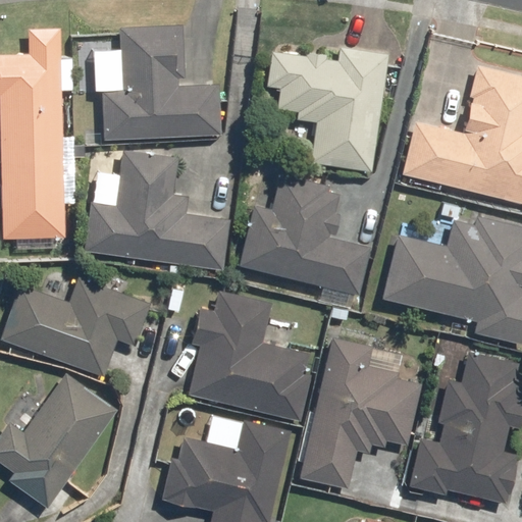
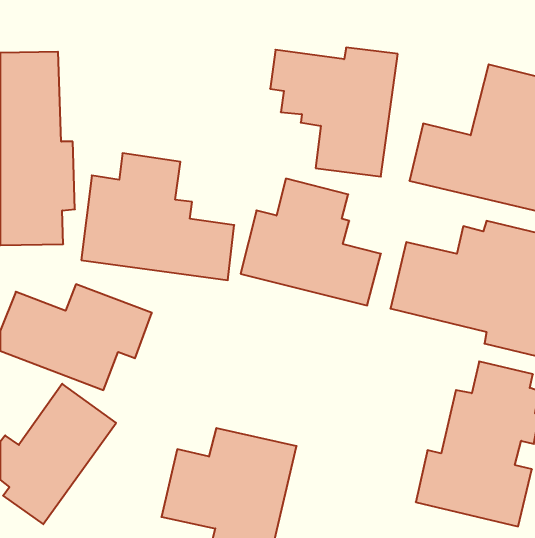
building: [91,24,221,141] -> none
building: [186,291,316,422] -> none
building: [297,336,422,490] -> none

